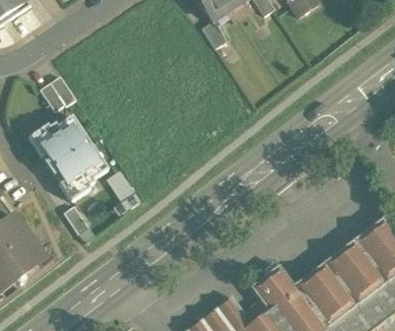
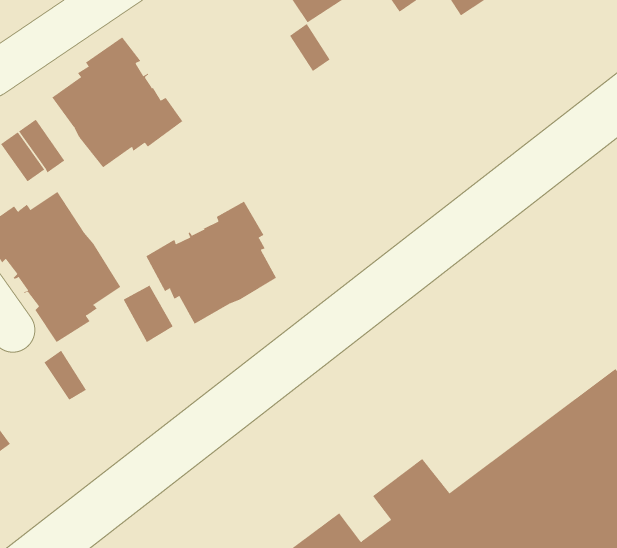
building: none -> [51,36,183,168]
building: none -> [146,201,277,325]

